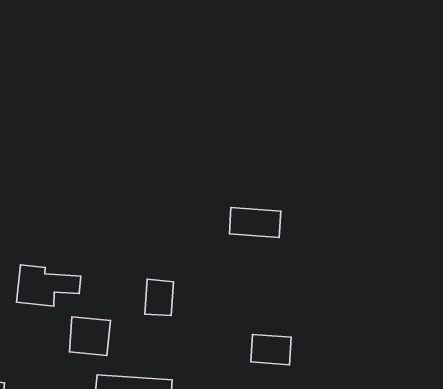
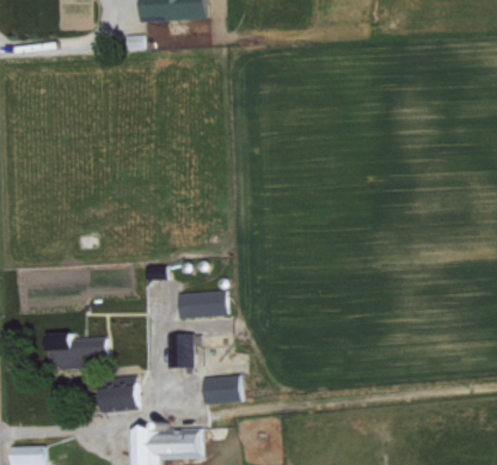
building: [229,207,281,238] -> [178,290,227,317]
building: [251,334,291,365] -> [204,375,243,403]

